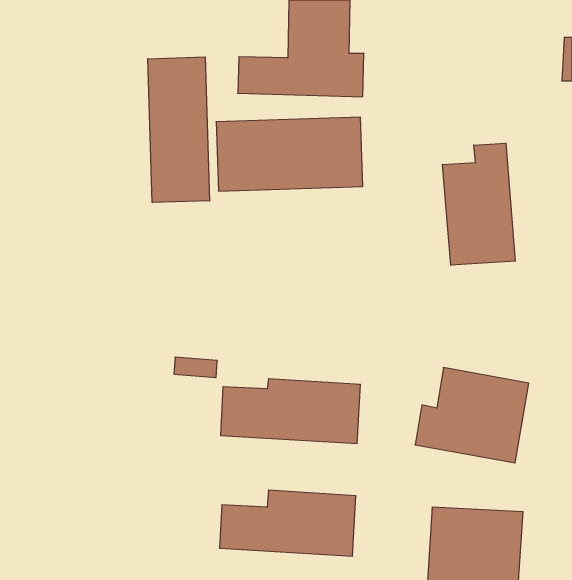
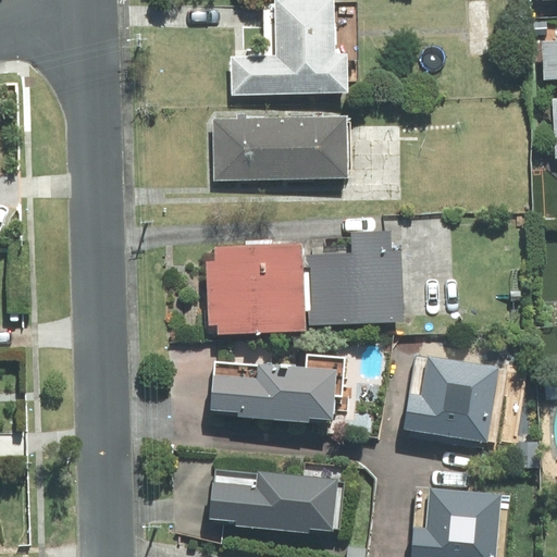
building: [148,57,210,203] -> none
building: [443,143,515,265] -> none
building: none -> [201,225,405,334]

